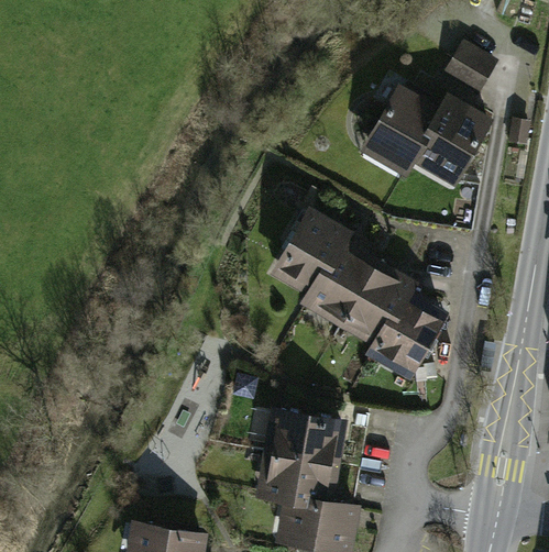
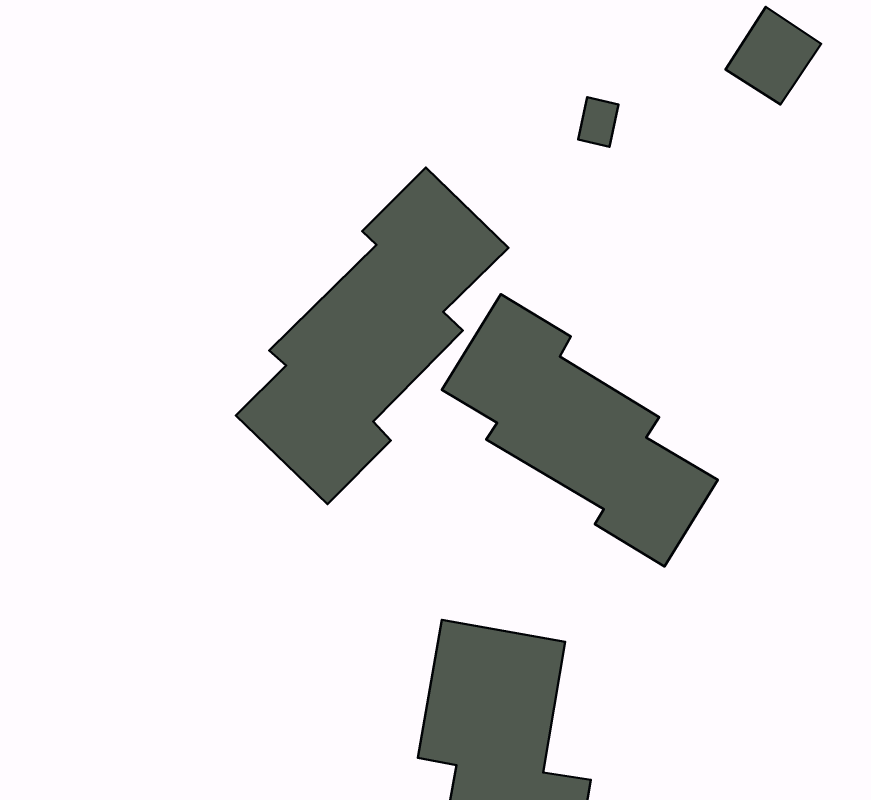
building: [360,87,491,188] -> none
building: none -> [236,168,509,504]

